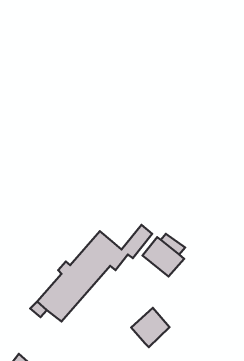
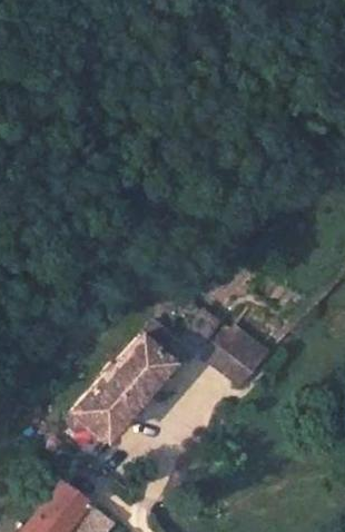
building: [131,308,170,347] -> none

